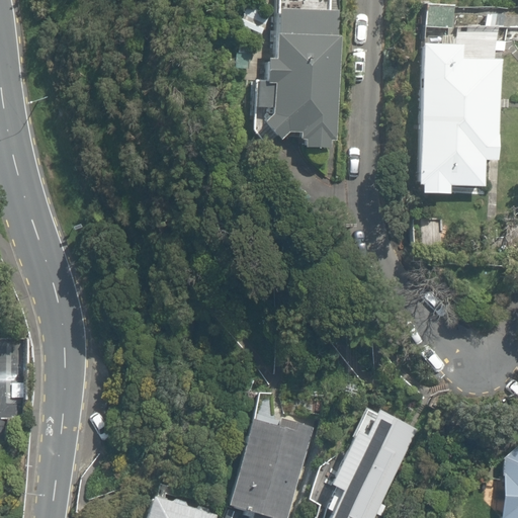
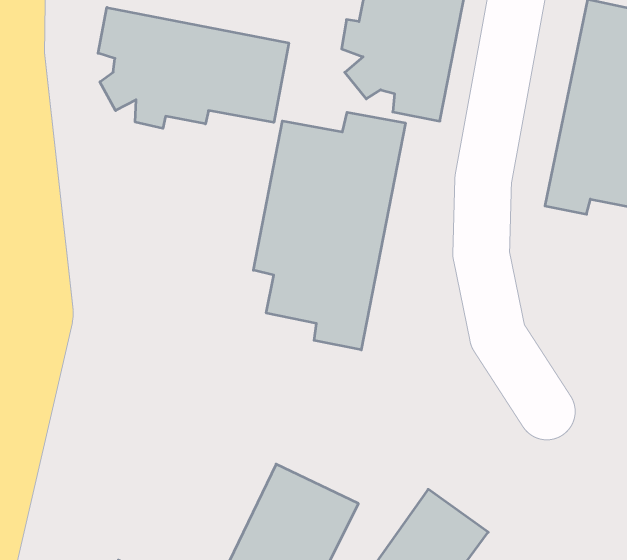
building: none -> [98,7,289,128]
building: none -> [253,112,405,350]

